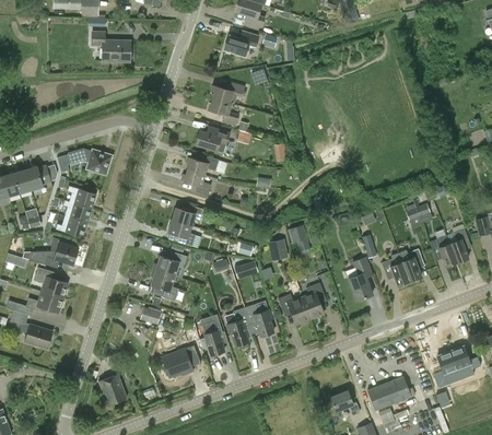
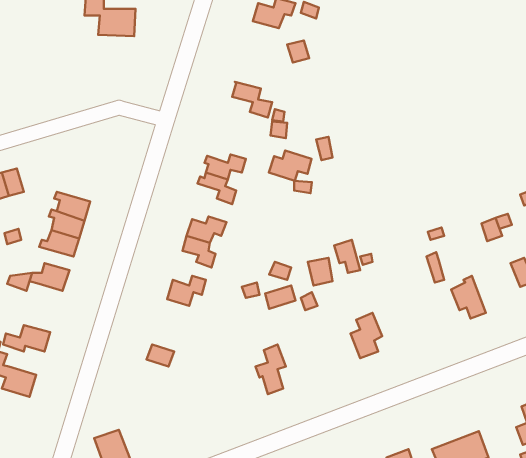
building: [210,82,245,104] -> none
building: [196,127,230,151] -> [269,151,311,181]
building: [57,149,112,175] -> none
building: [398,249,424,282] -> none
building: [348,258,372,301] -> none
building: [34,267,68,297] -> none
building: [152,271,177,301] -> none
building: [278,294,309,324] -> none
building: [244,304,273,337] -> none
building: [201,320,224,355] -> none
building: [162,345,200,377] -> none

